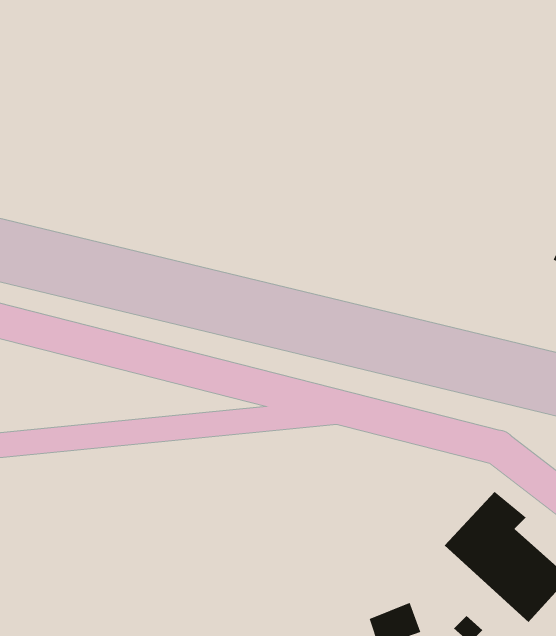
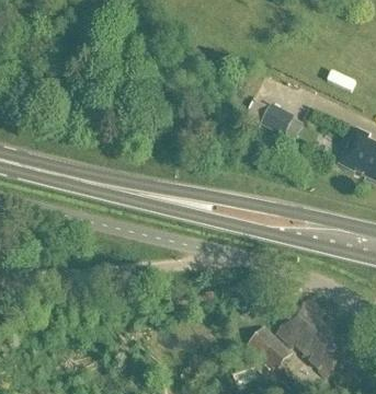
building: none -> [262,104,296,137]
building: none -> [248,324,295,371]

